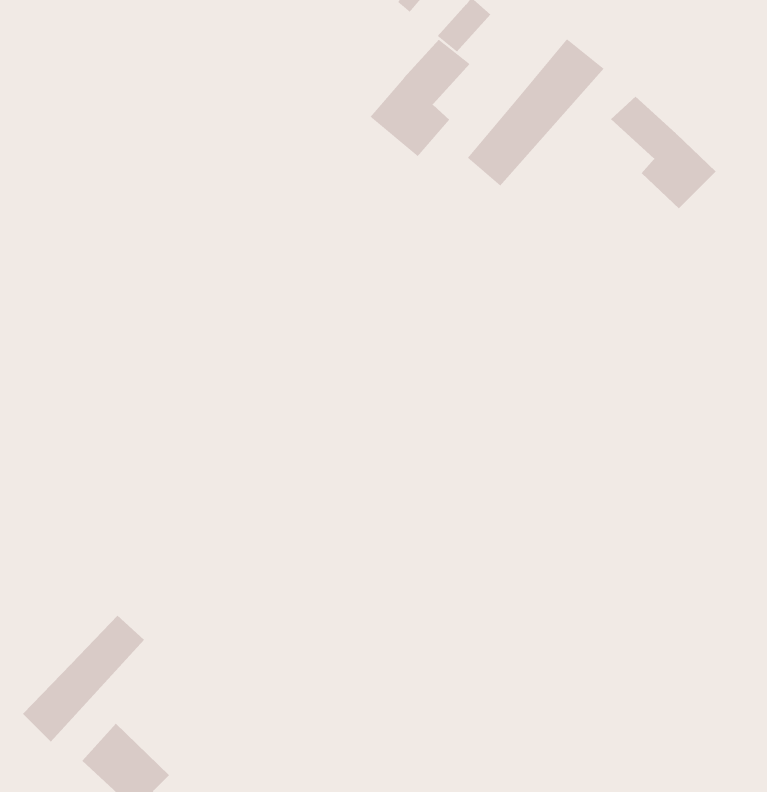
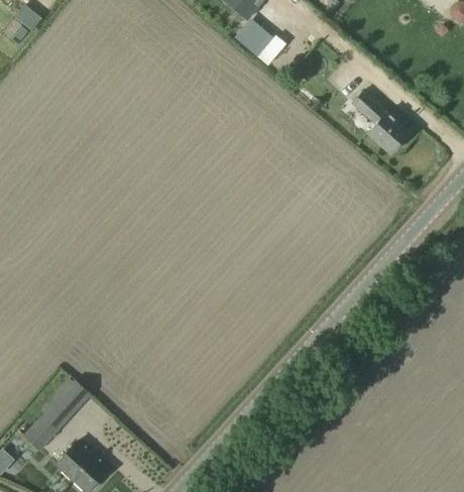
building: [467,38,605,186] -> none
building: [369,39,471,157] -> none

